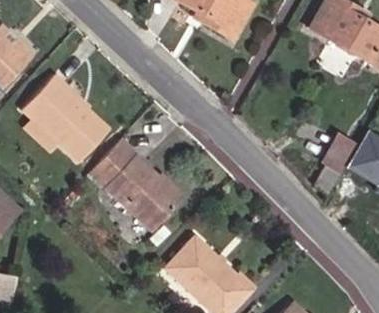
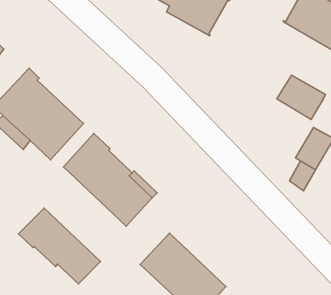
building: none -> [277,75,326,119]
building: none -> [18,208,100,284]

